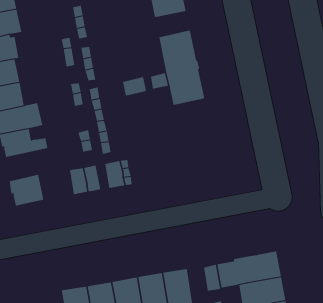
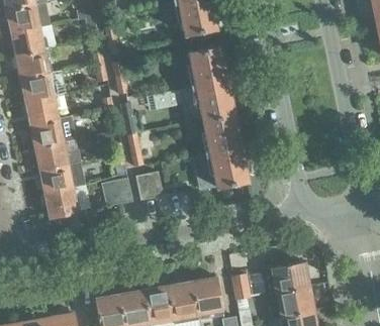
building: none -> [194,113,248,187]
building: none -> [39,161,86,194]

